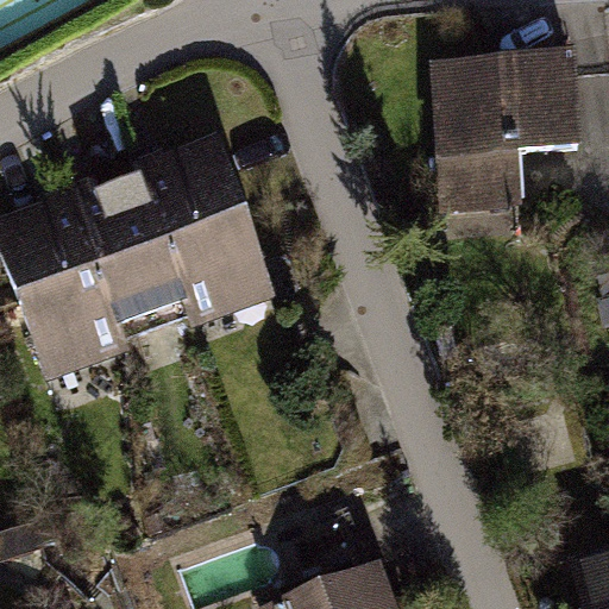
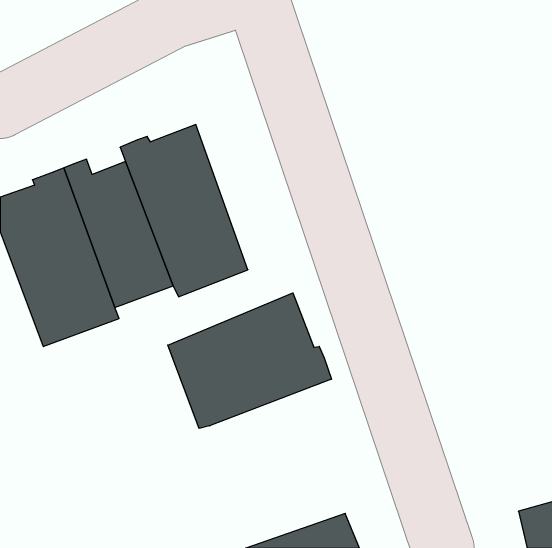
building: [434,50,579,203] -> none
building: none -> [168,293,331,428]

